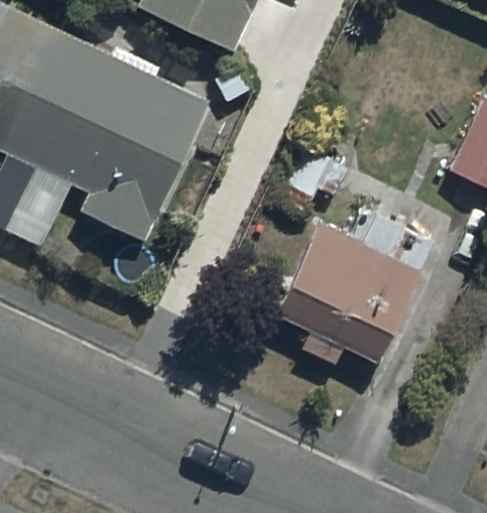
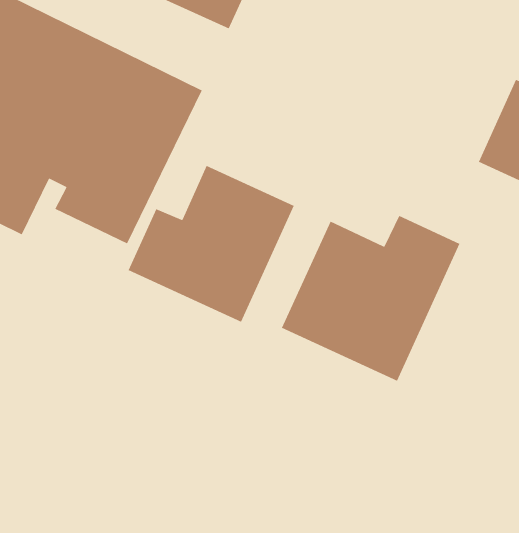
building: none -> [128,165,295,323]

